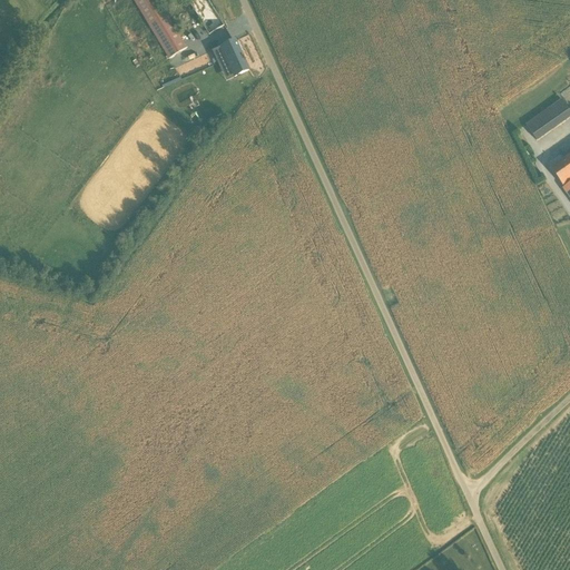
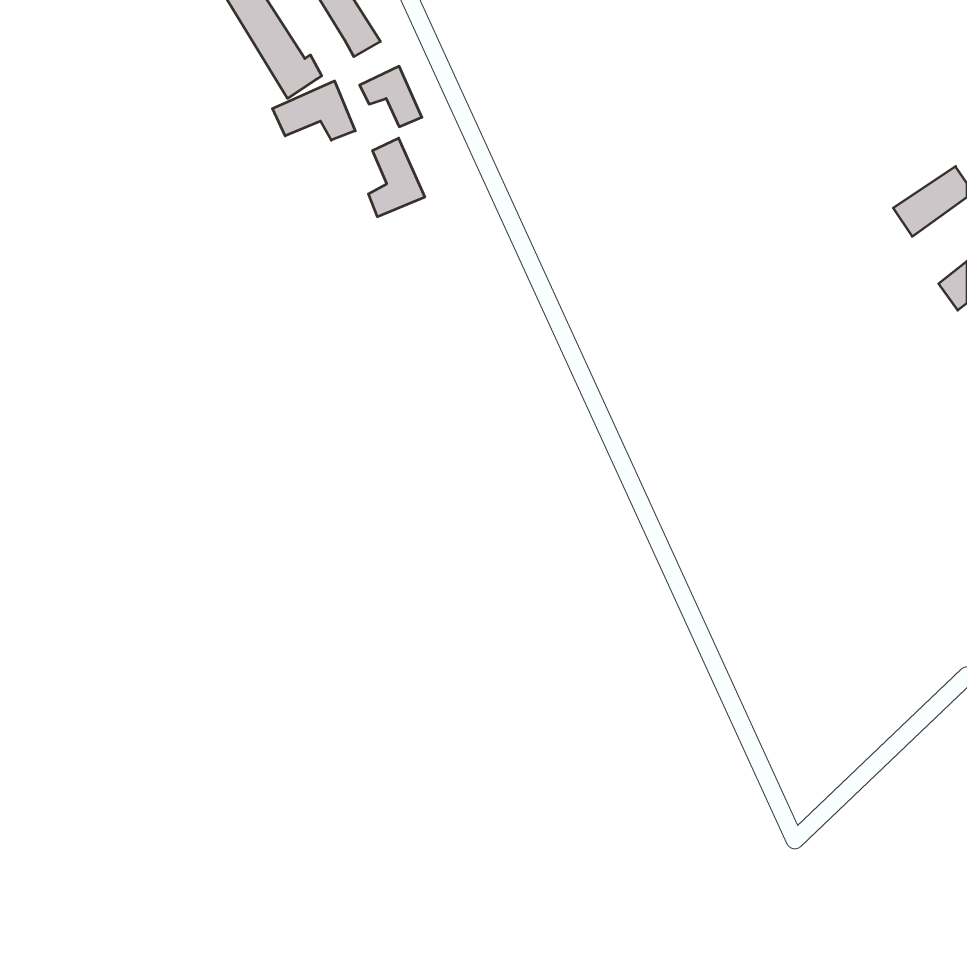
building: none -> [272,81,355,140]
building: none -> [368,138,425,217]

